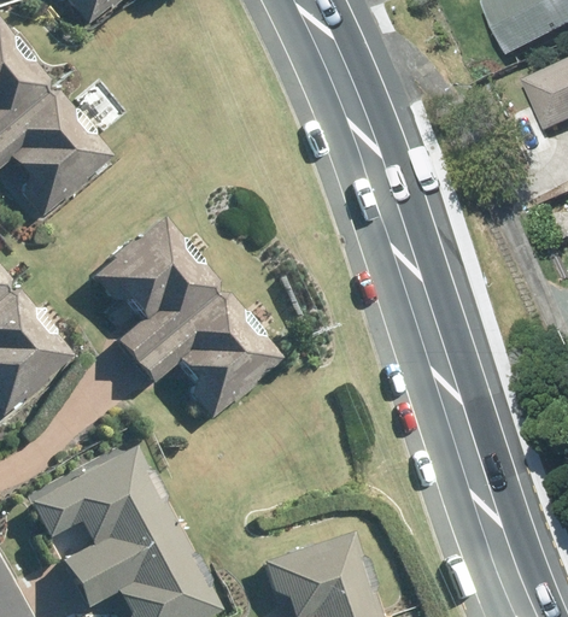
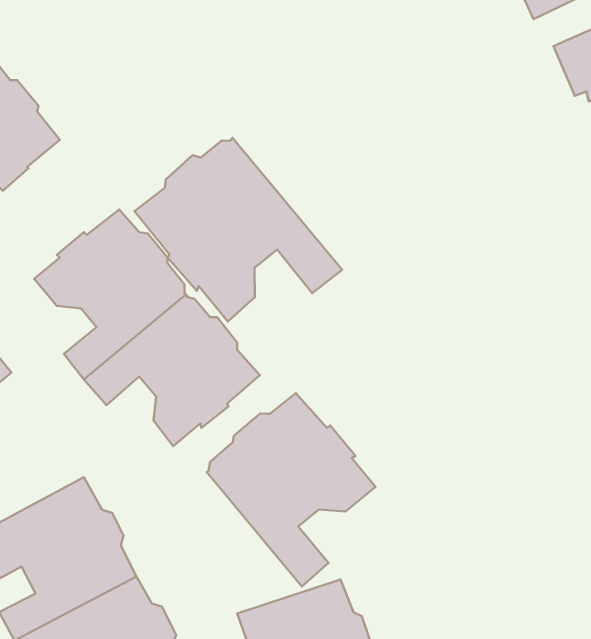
building: none -> [135,138,342,321]
building: none -> [207,393,376,586]

